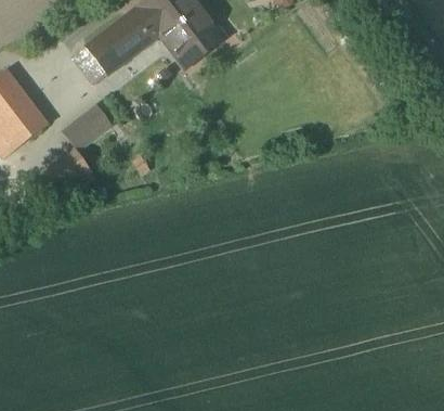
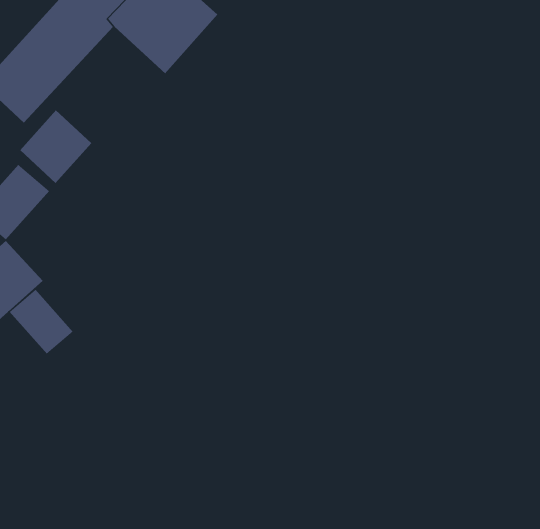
building: none -> [19,110,92,184]
building: none -> [9,289,74,354]

